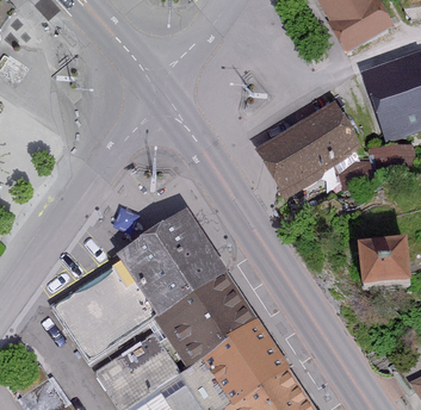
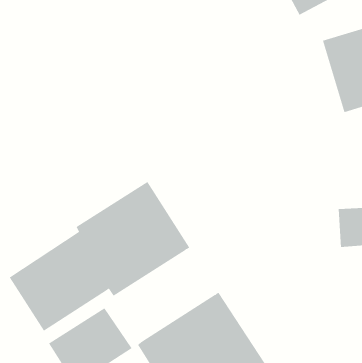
building: [259,104,361,197] -> none
building: [155,279,256,369] -> none

